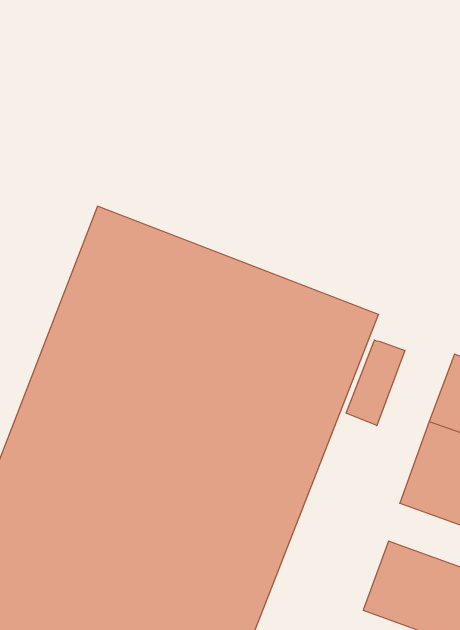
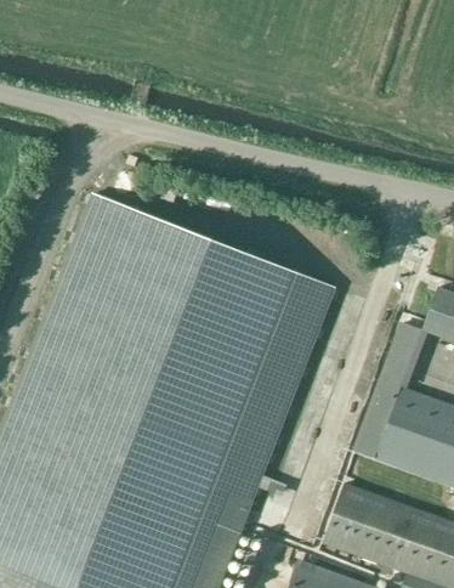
building: [346,340,405,426] -> none

